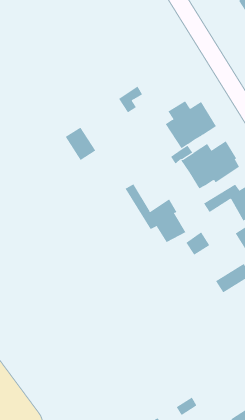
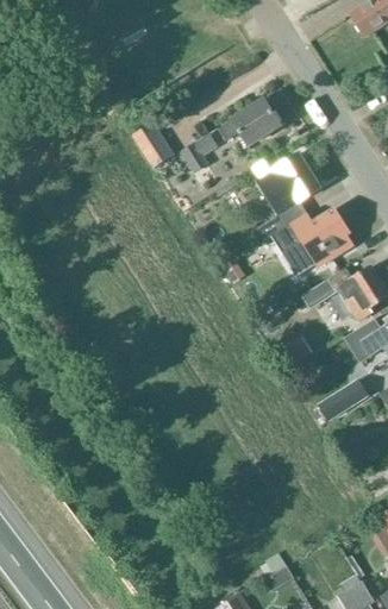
building: none -> [218,98,281,145]
building: [65,127,96,161] -> [131,120,175,168]
building: [125,183,186,243] -> none

